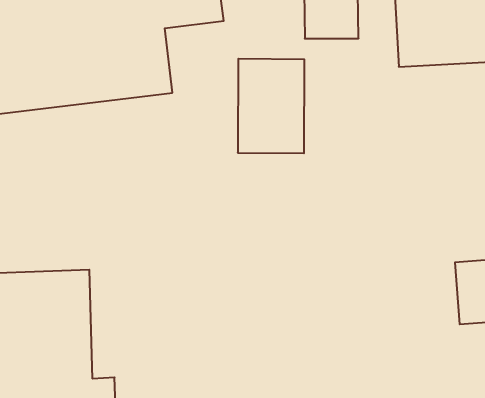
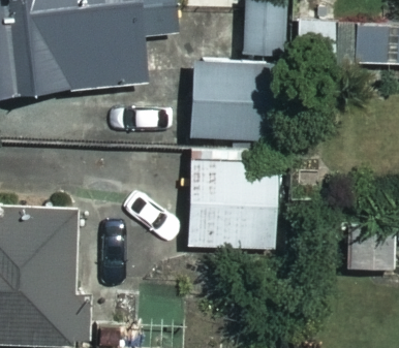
building: none -> [190,149,280,249]

